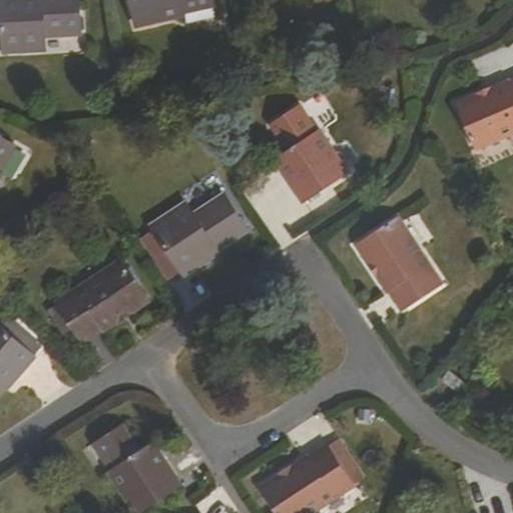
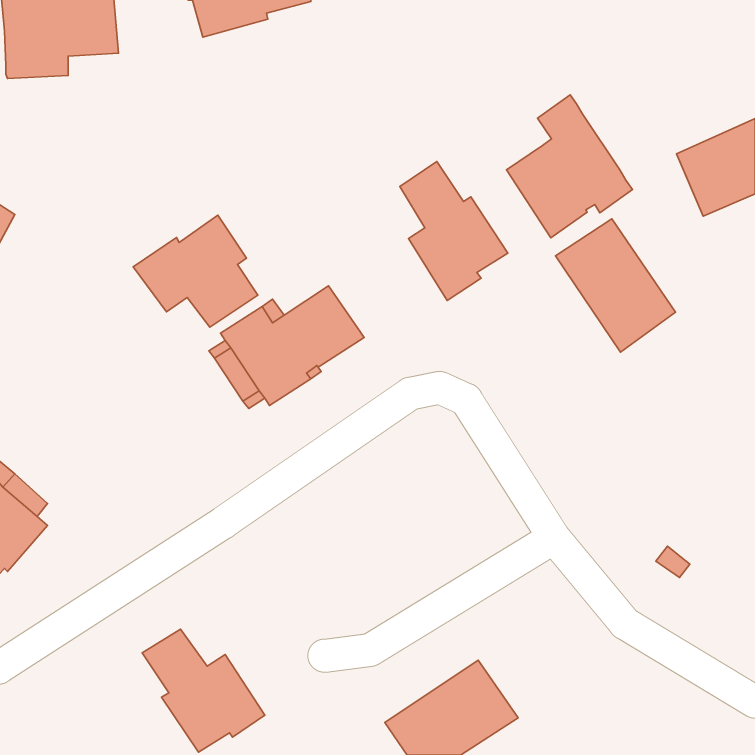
building: none -> [506,95,632,238]
building: none -> [133,215,258,327]
building: [357,217,438,308] -> [556,219,675,352]
building: [57,262,146,342] -> none

